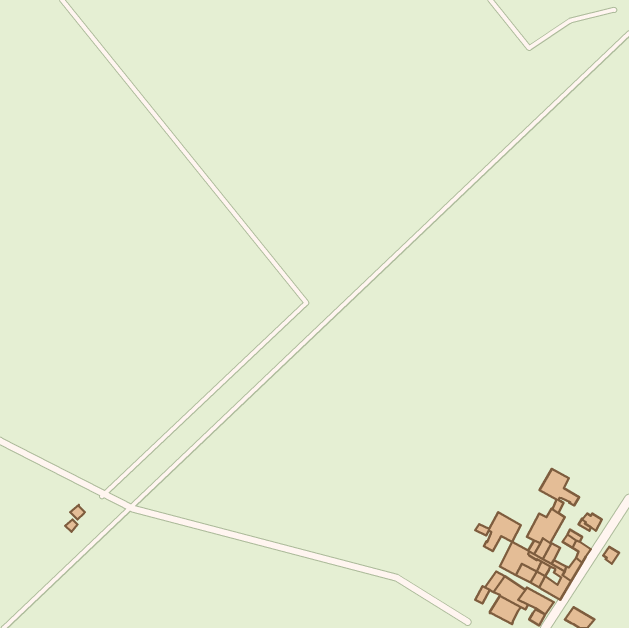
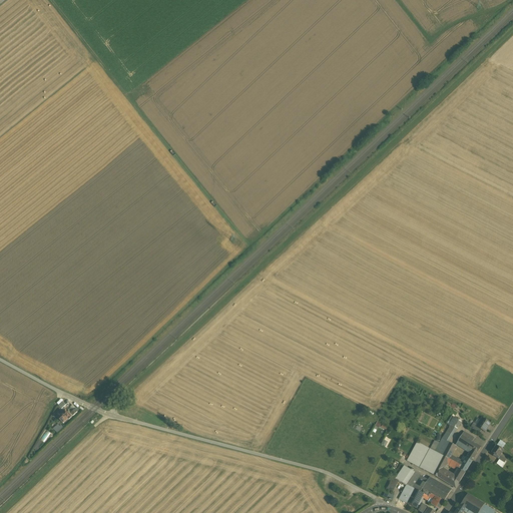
building: [540,469,579,513] -> none
building: [475,512,521,551] -> none

